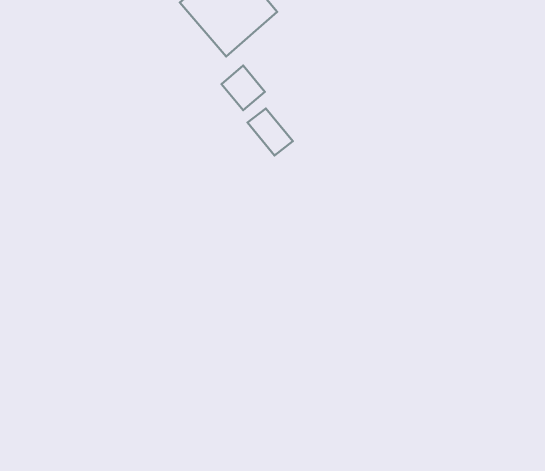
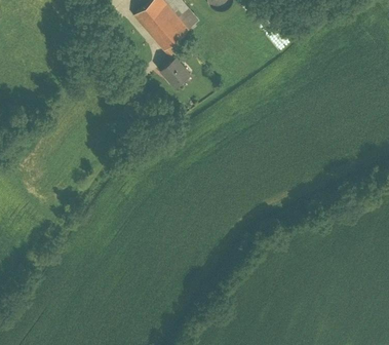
building: [247,108,293,155] -> none

